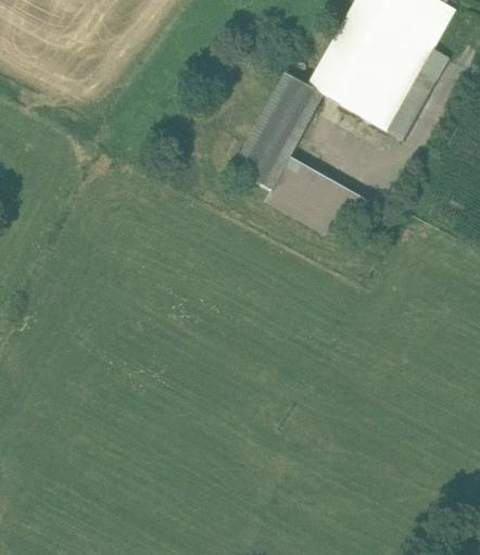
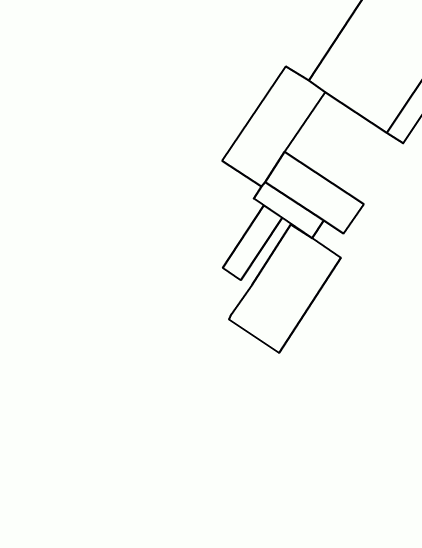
building: none -> [223,205,282,280]
building: none -> [229,224,341,353]

